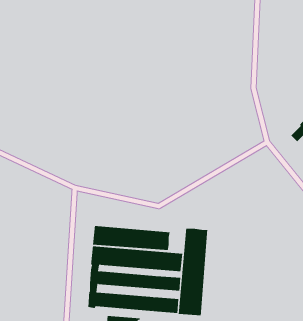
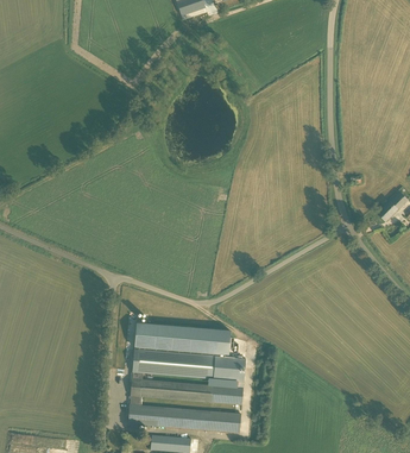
building: [178,228,208,316] -> none

